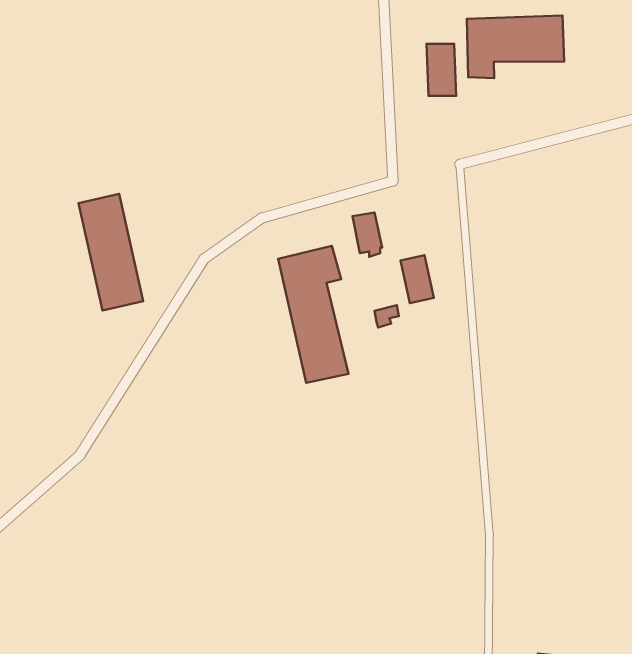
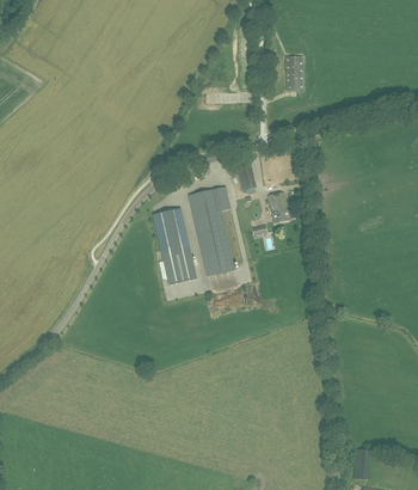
building: [467,16,564,78] -> none
building: [78,194,143,311] -> [153,209,195,284]

